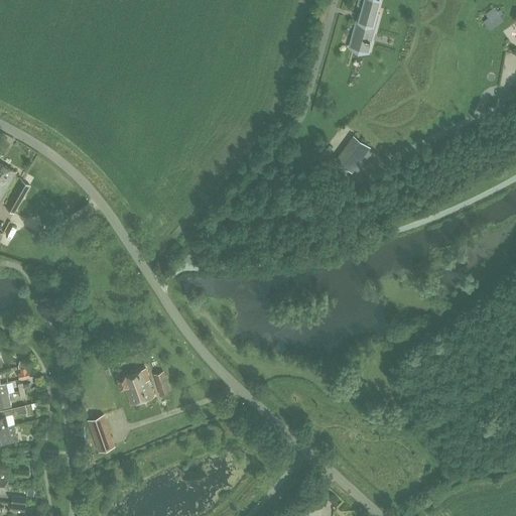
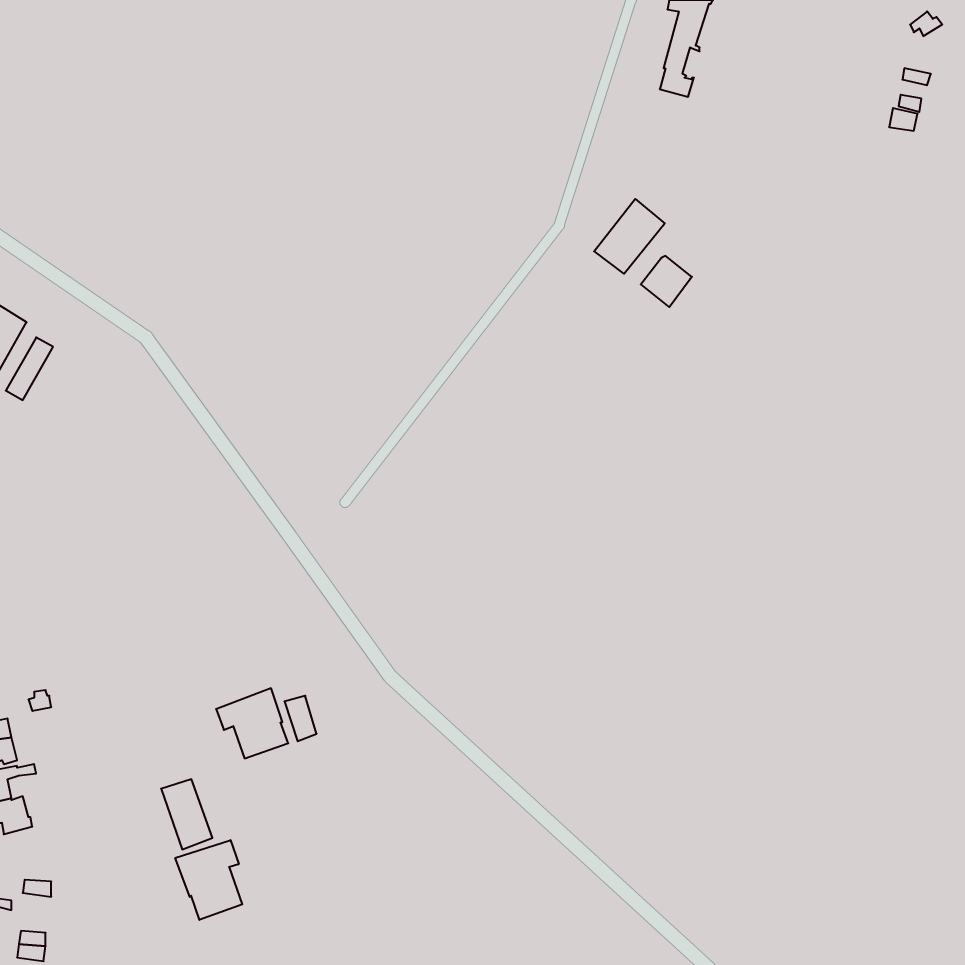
building: none -> [594,199,665,274]
building: none -> [175,840,242,920]

